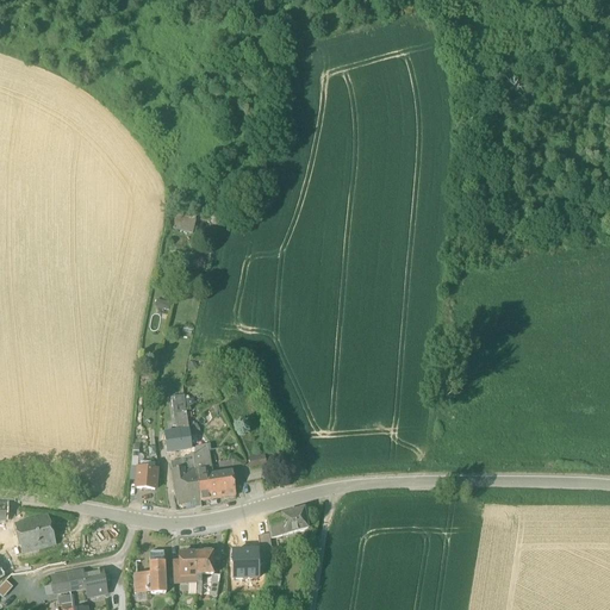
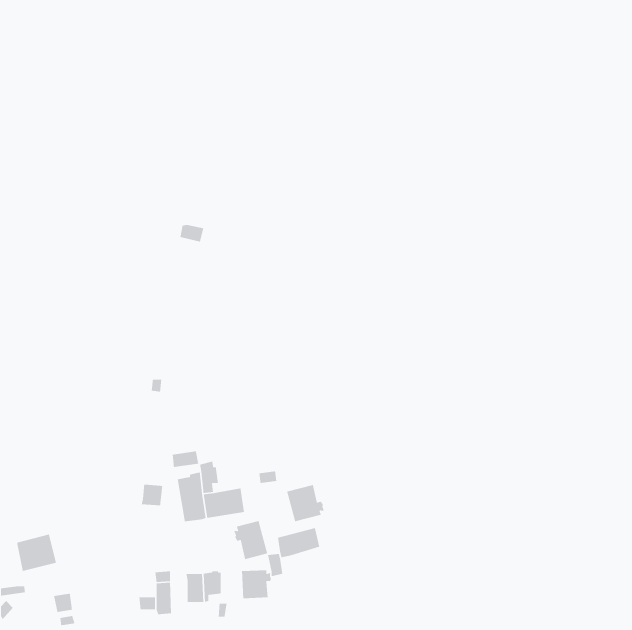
building: [164,393,189,437] -> none
building: none -> [286,484,325,522]
building: none -> [233,520,268,560]
building: [68,568,106,595] -> none

